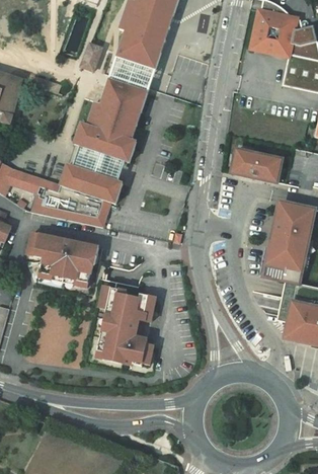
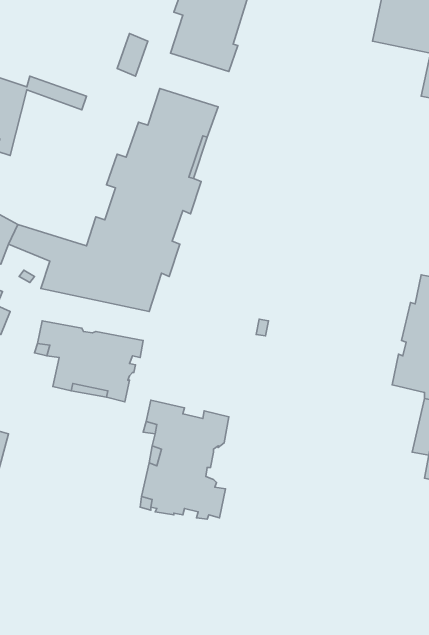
building: [109,56,155,91] -> none
building: [232,149,282,180] -> none

